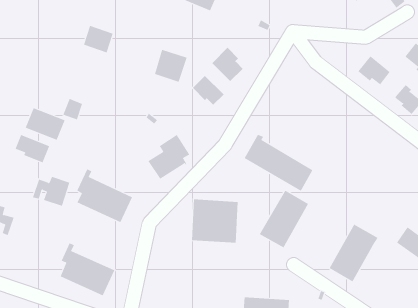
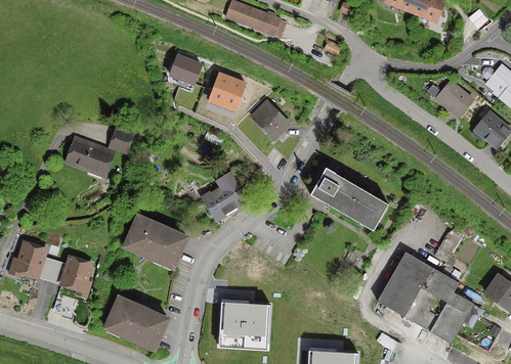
building: [83,25,114,53] -> [170,55,204,86]
building: [212,47,243,82] -> none
building: [15,134,50,163] -> none
building: [32,176,70,207] -> [48,258,90,291]
building: [259,190,309,248] -> [376,253,431,317]
building: [191,199,238,243] -> [219,301,271,350]
building: none -> [430,292,473,345]

